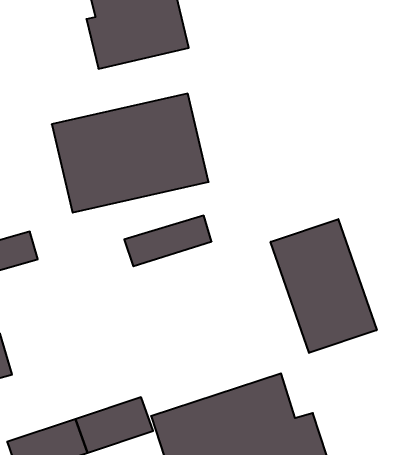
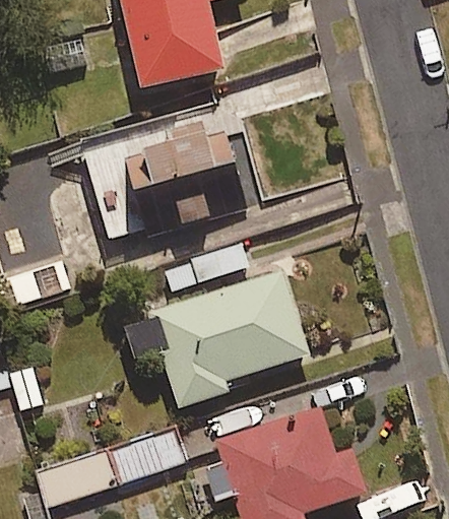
building: [271,219,377,353] -> none
building: none -> [147,271,305,406]

